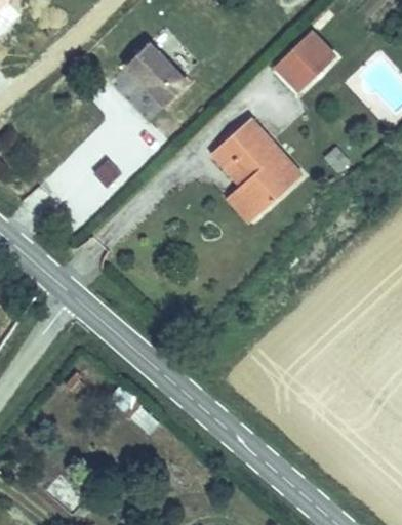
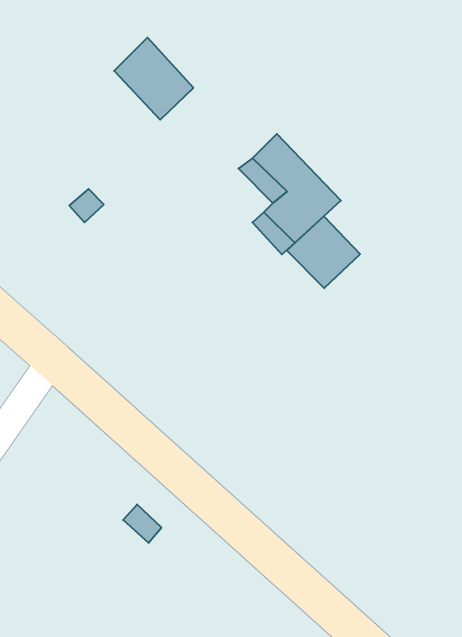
building: [271,31,331,90] -> none
building: none -> [287,216,360,288]

